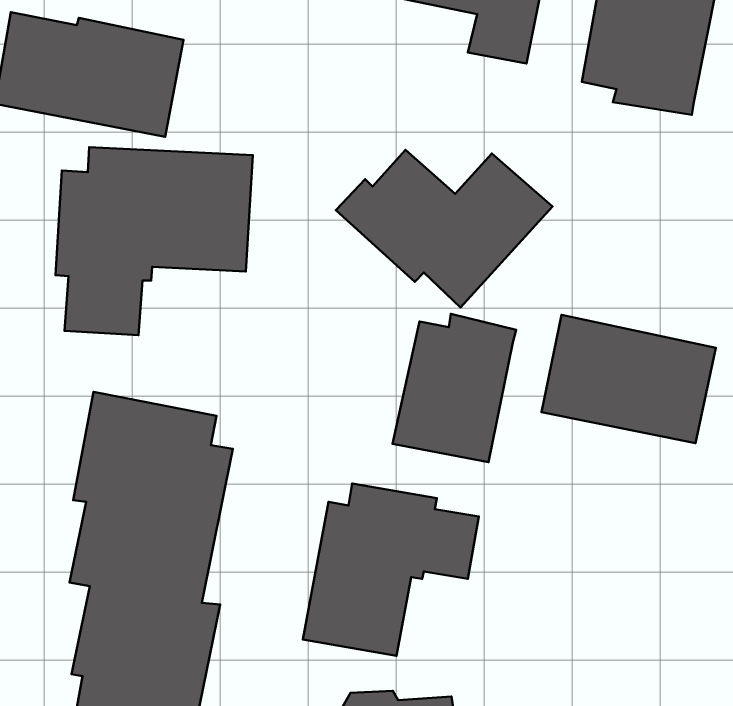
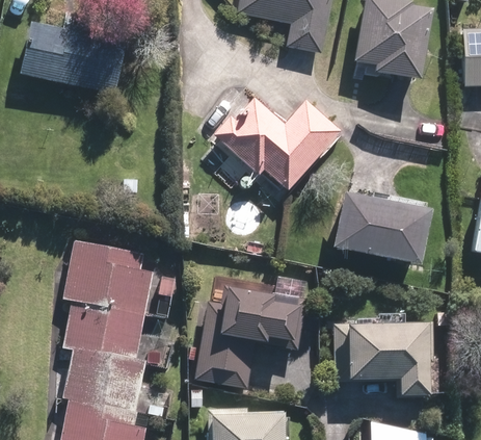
building: [55,147,253,335] -> none
building: [392,314,516,462] -> none
building: none -> [338,319,434,396]

